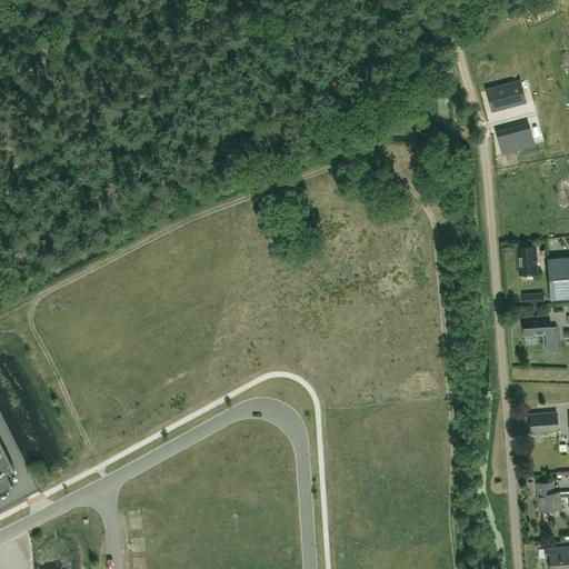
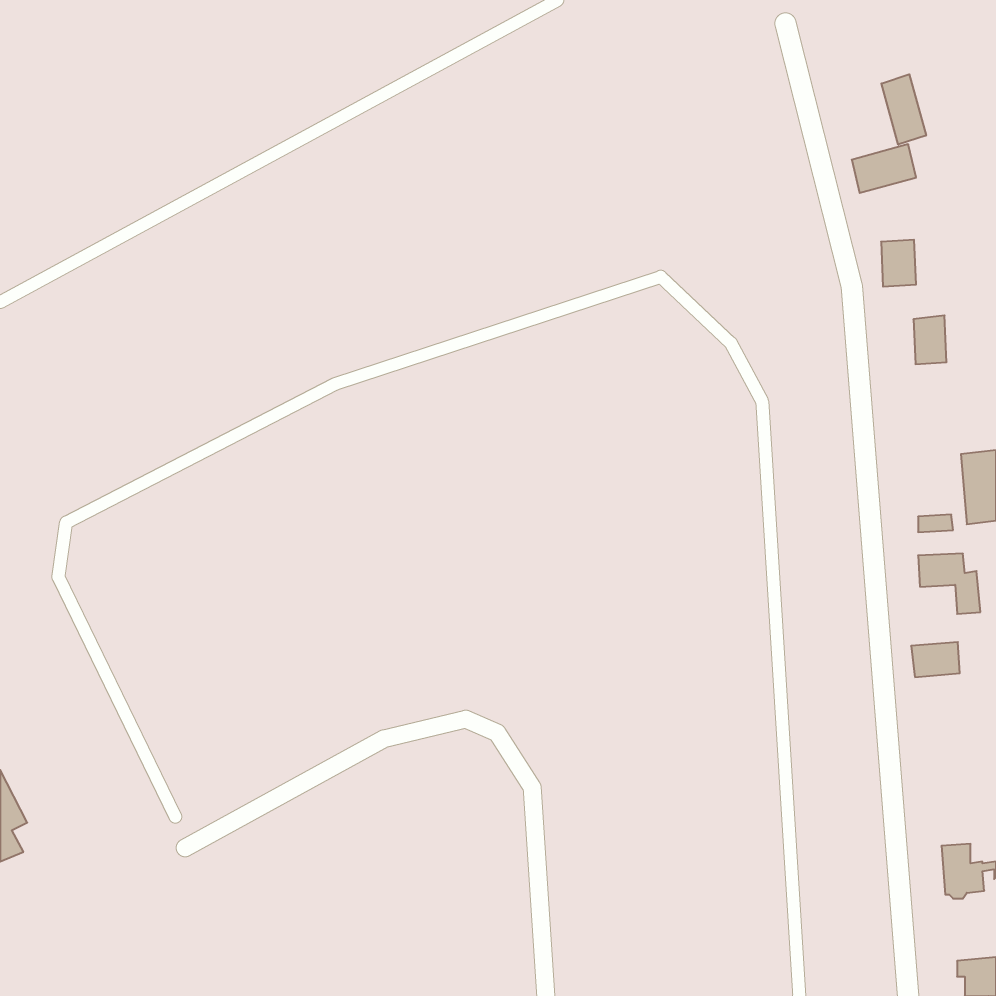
building: none -> [881,74,926,145]
building: [518,246,537,273] -> [913,315,947,364]
building: [530,412,558,432] -> [911,642,960,677]

